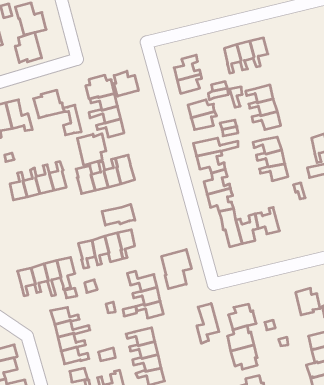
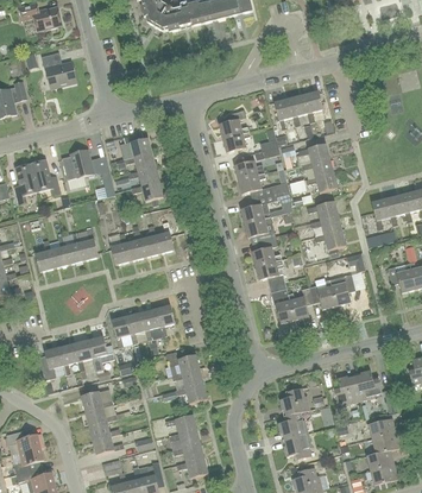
building: [15,32,42,63] -> none
building: [114,71,138,96] -> none
building: [77,134,106,166] -> none
building: none -> [329,273,355,305]
building: [102,204,135,225] -> none
building: [162,249,191,289] -> none
building: none -> [334,374,360,403]
building: [197,303,219,343] -> none

